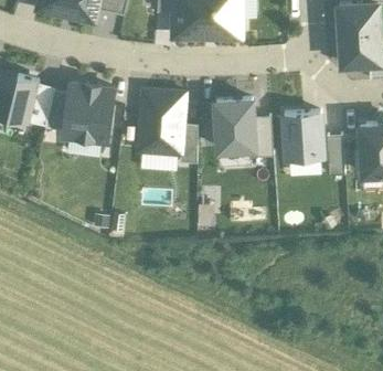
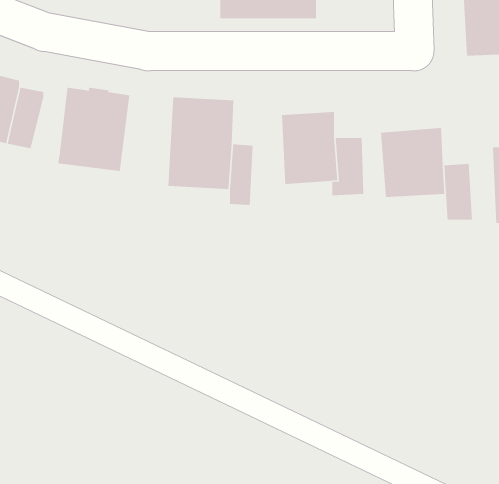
building: [45,91,68,130] -> none

